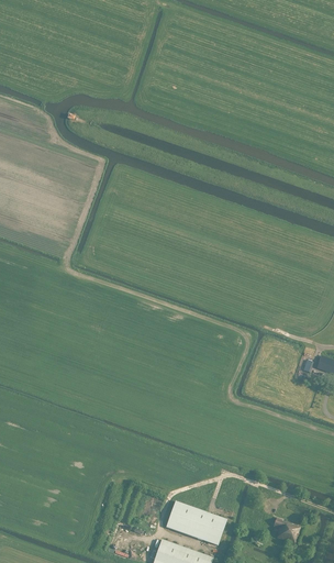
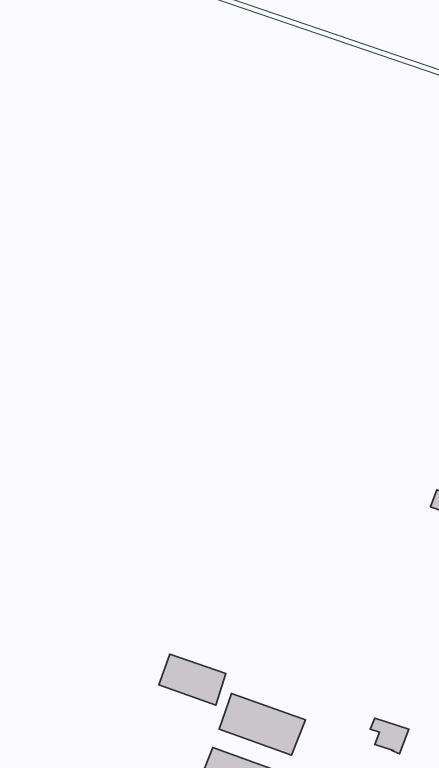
building: none -> [159,654,226,705]

